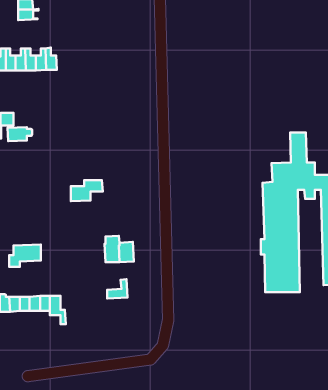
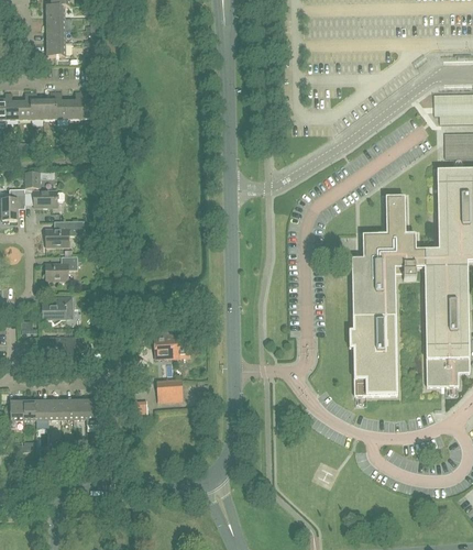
building: [71,180,103,201] -> [45,219,85,245]
building: none -> [46,254,78,278]
building: none -> [43,294,72,321]

